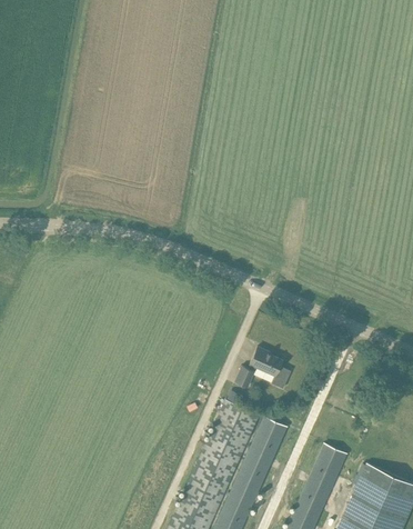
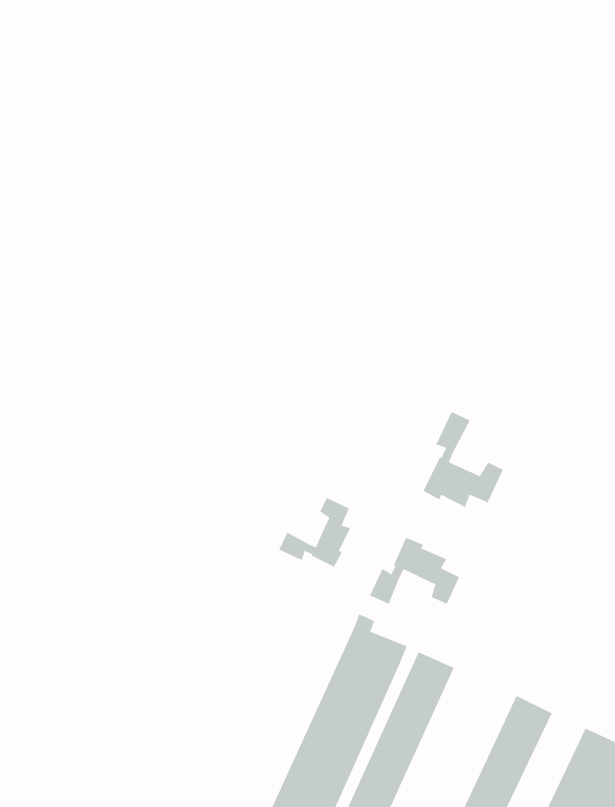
building: none -> [423,411,504,508]
building: none -> [279,497,351,568]

